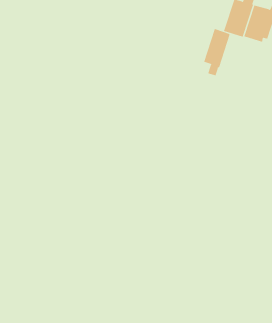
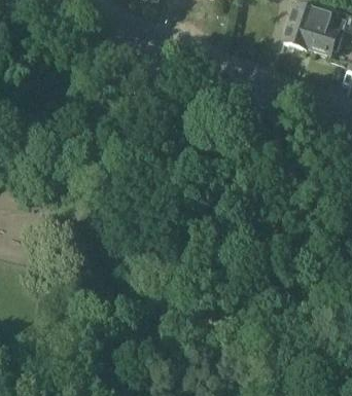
building: [204,28,230,76] -> none

